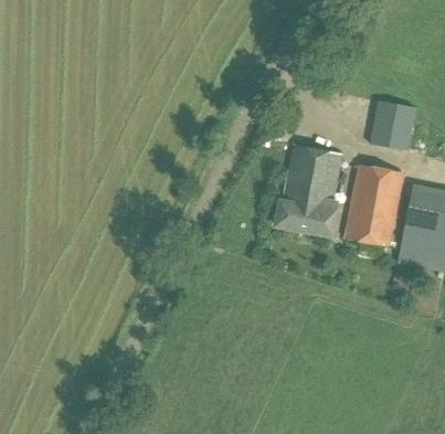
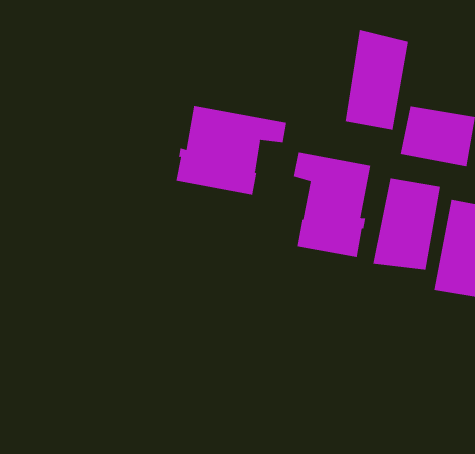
building: none -> [345,29,409,131]
building: none -> [176,105,286,195]

